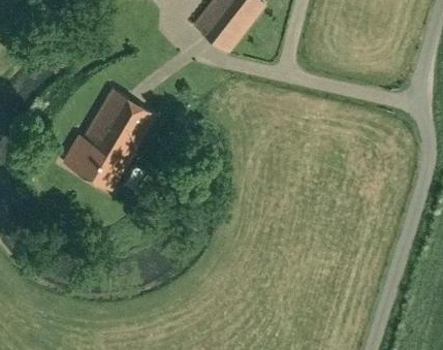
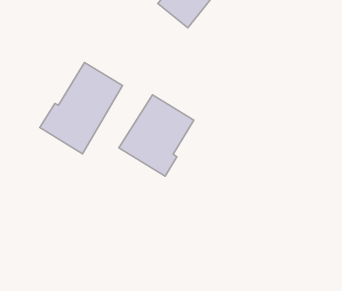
building: none -> [119,95,194,176]

